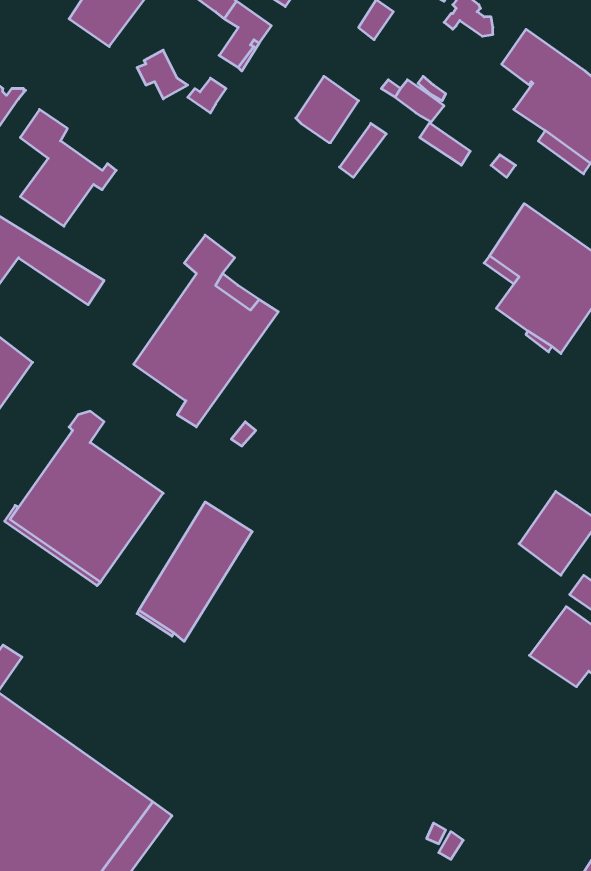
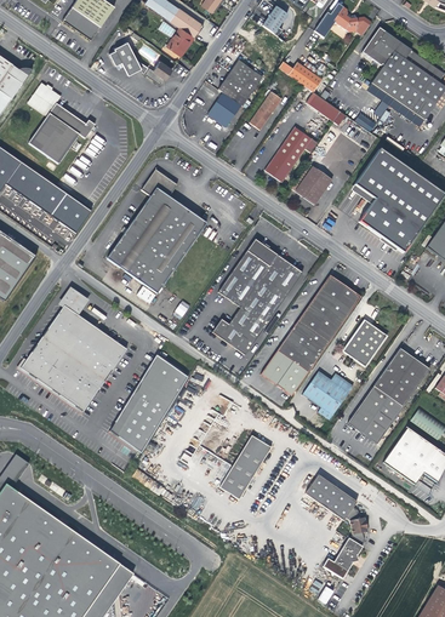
building: none -> [207,92,243,128]
building: none -> [266,127,313,182]
building: none -> [296,167,332,206]
building: none -> [213,238,303,354]
building: none -> [262,274,361,394]
building: none -> [344,319,387,366]
building: none -> [301,371,352,416]
building: none -> [347,384,404,444]
building: none -> [221,435,272,498]
building: none -> [306,474,369,570]

